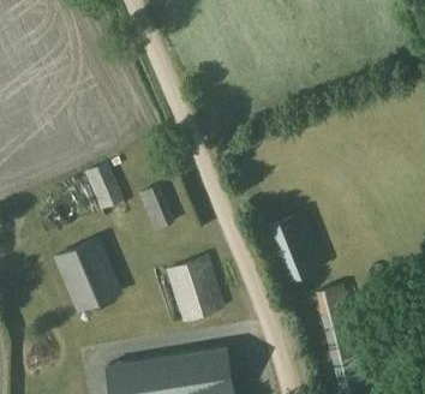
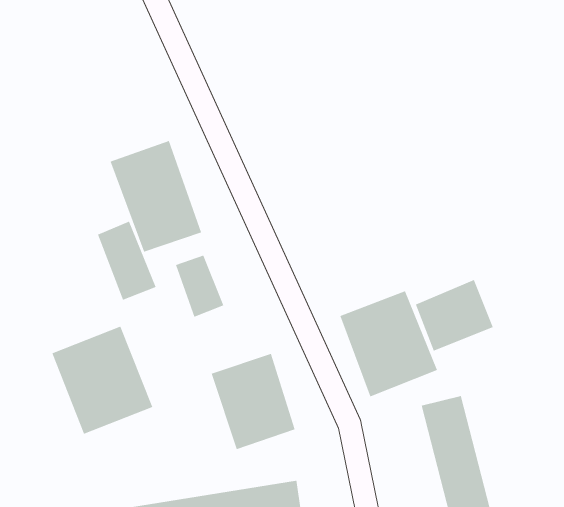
building: none -> [110,140,202,253]
building: none -> [415,279,494,352]

